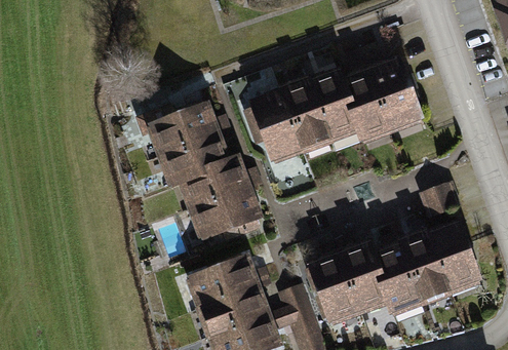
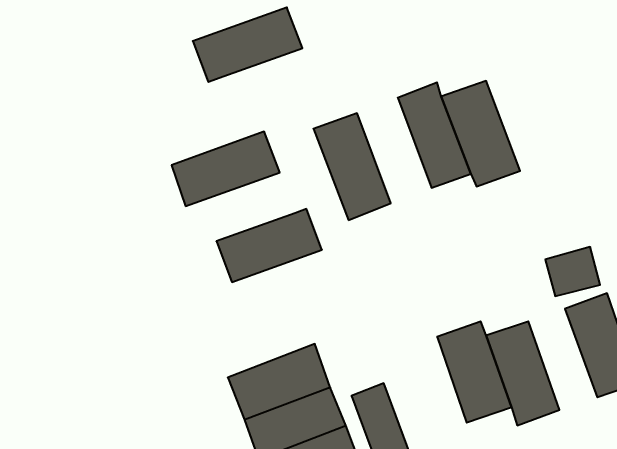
building: [375,54,426,130] -> none
building: [280,77,335,154] -> none
building: [155,131,235,186] -> [193,7,302,82]
building: [189,188,265,240] -> none
building: [405,231,456,305] -> none
building: [307,251,360,325] -> none

